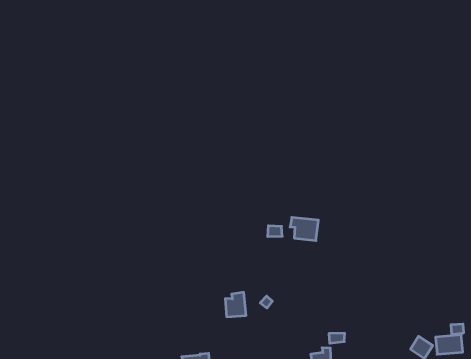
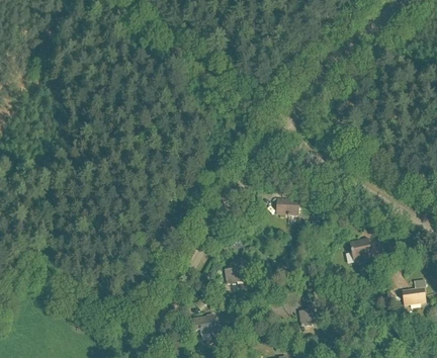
building: none -> [349,237,372,262]

